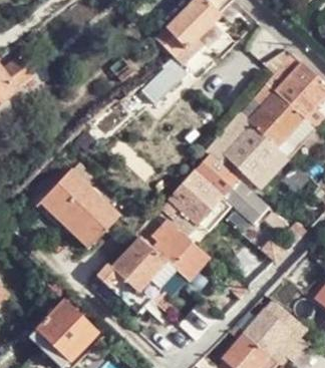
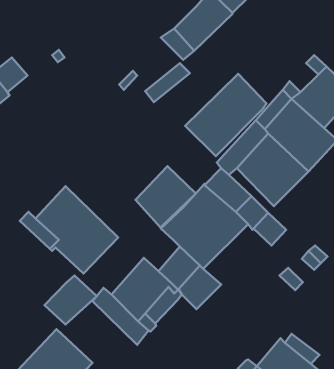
building: none -> [185,74,266,156]
building: none -> [135,166,196,228]
building: none -> [45,275,97,325]

